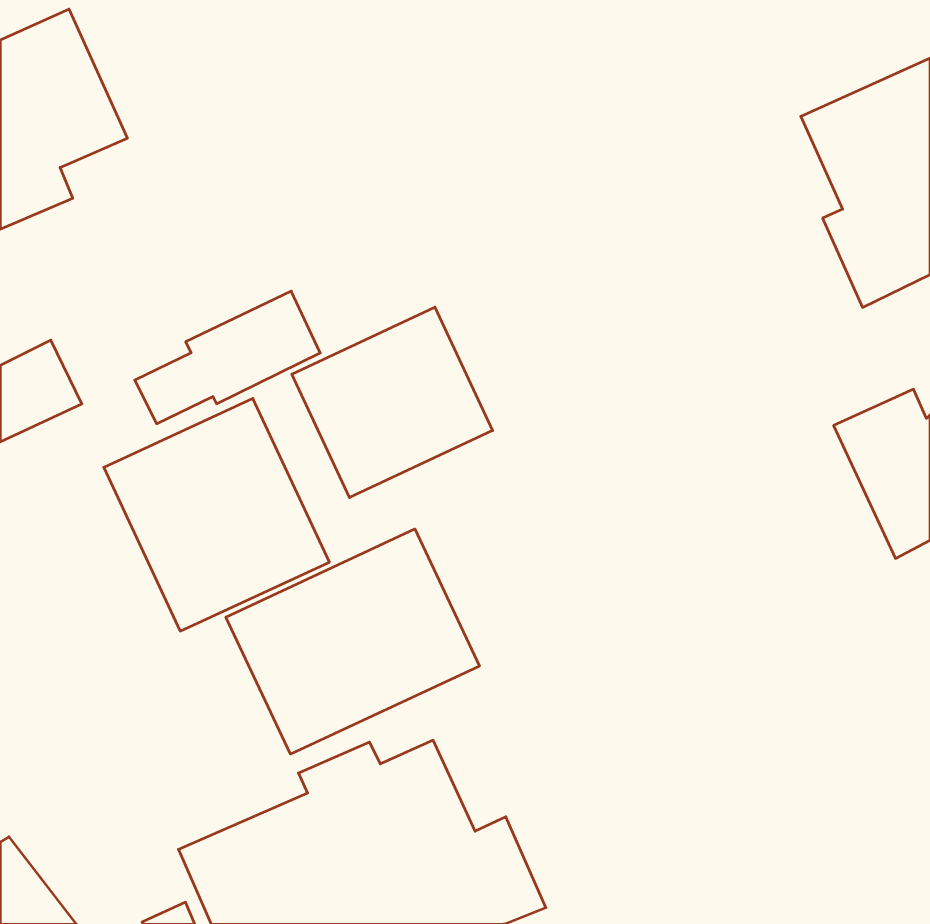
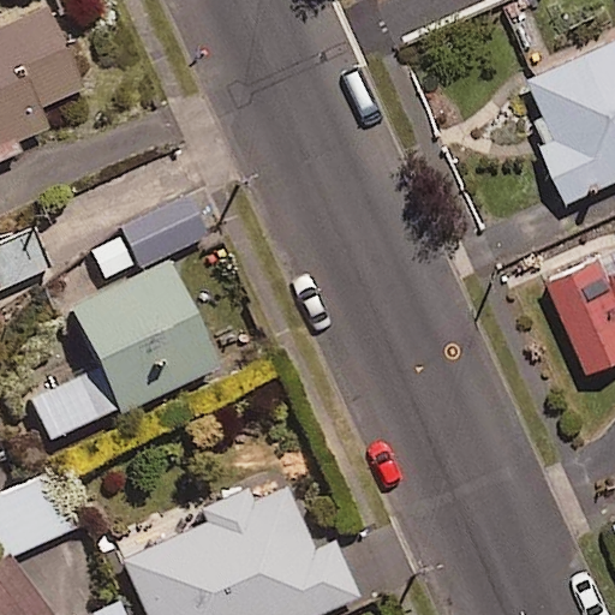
building: [292,307,493,498] -> none
building: [226,529,479,754] -> none

